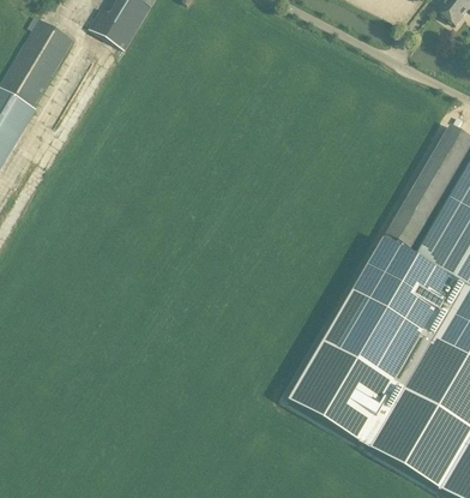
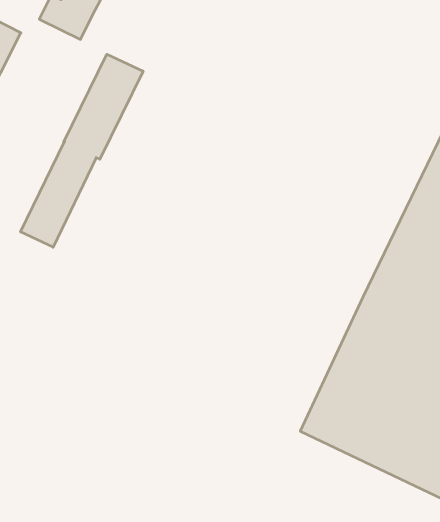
building: none -> [21,54,143,247]

